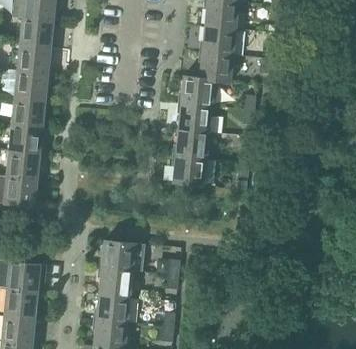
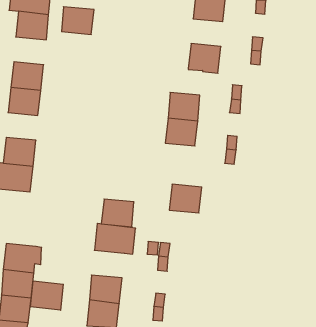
building: [202,25,235,54] -> none
building: [17,44,51,73] -> [62,7,94,34]
building: [180,75,214,105] -> none
building: [9,123,42,152] -> none
building: [172,155,206,185] -> [169,184,202,213]
building: [98,267,132,296] -> [101,199,134,227]
building: none -> [31,281,63,310]

